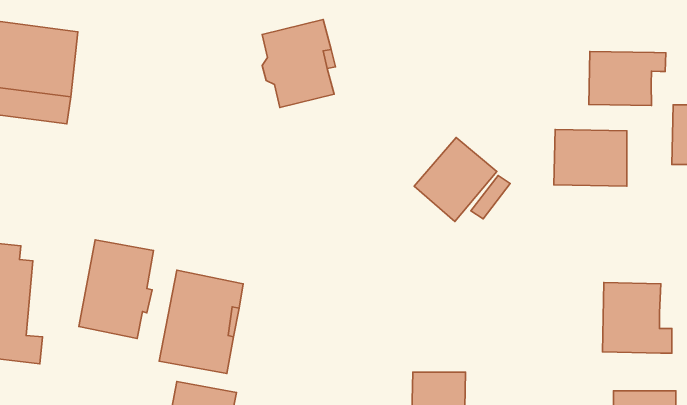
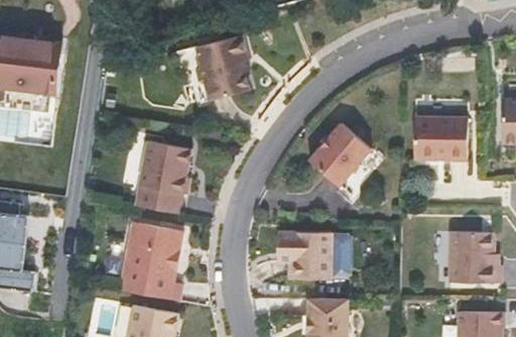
building: [589,51,666,106] -> none
building: [79,240,153,339] -> [136,139,191,213]
building: none -> [288,231,351,278]

